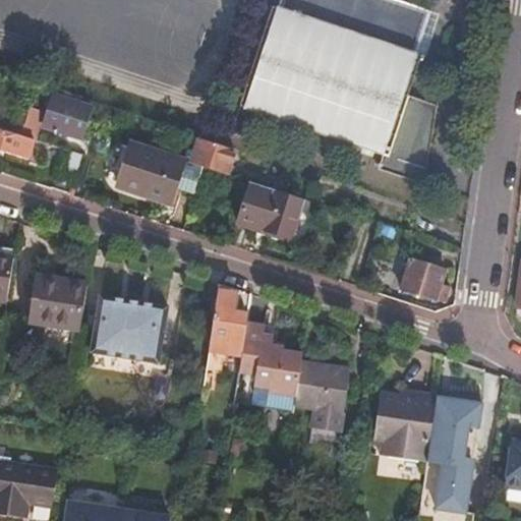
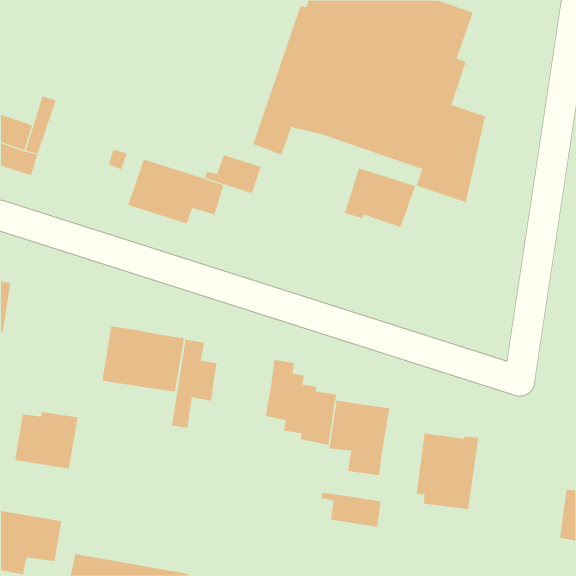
building: [46,95,94,135] -> none
building: [239,183,304,237] -> [344,168,416,228]
building: [400,260,448,305] -> none
building: [28,277,86,329] -> [14,412,78,469]
building: [208,291,249,371] -> [171,339,217,428]
building: [423,391,482,512] -> none
building: none -> [321,492,381,527]

